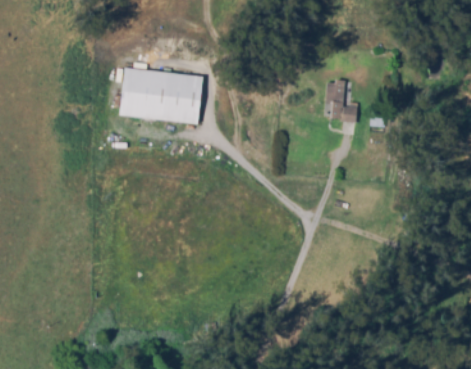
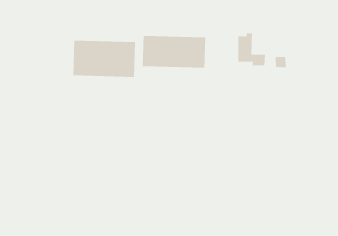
building: none -> [142,35,206,69]

